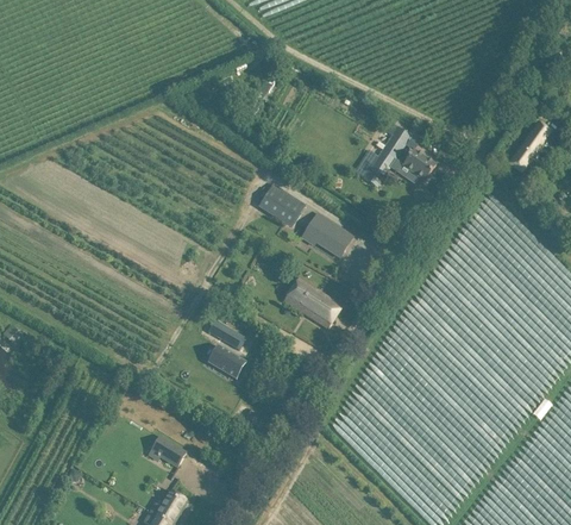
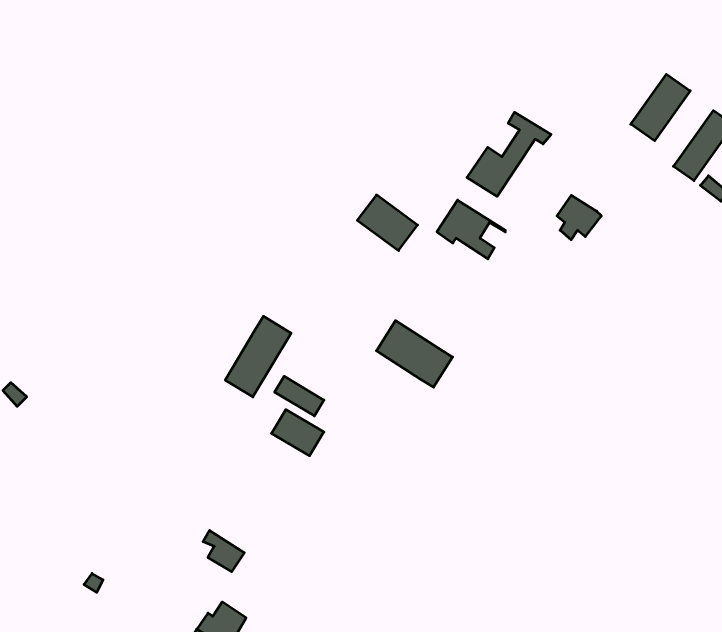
building: none -> [631,74,690,141]
building: [402,150,435,183] -> [557,195,601,240]
building: [301,213,352,257] -> [437,200,505,259]
building: none -> [225,316,291,397]

